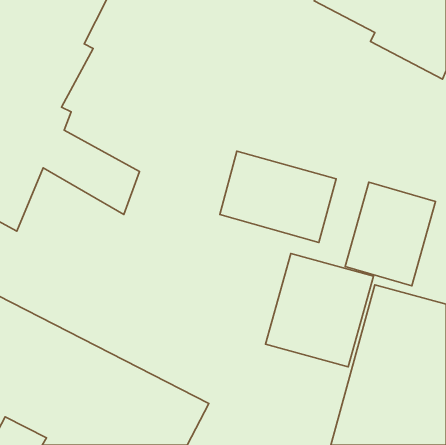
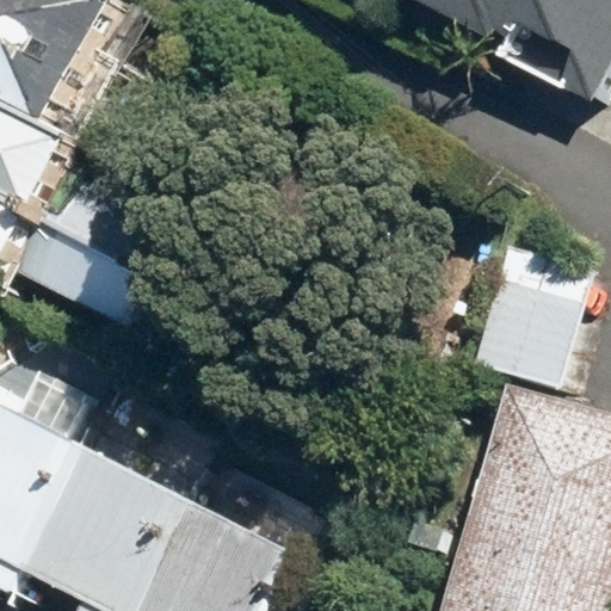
building: [220,151,336,243] -> none
building: [265,253,374,367] -> none

